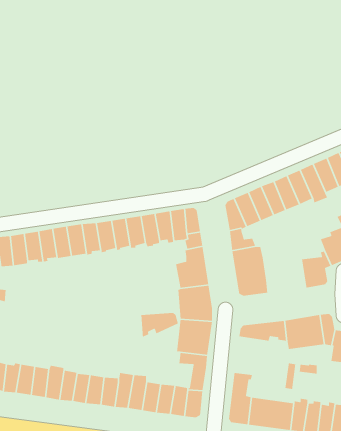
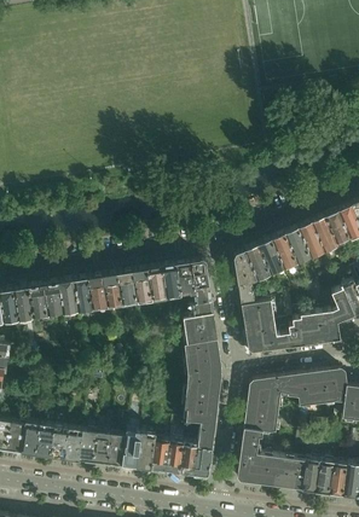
building: none -> [277,314,317,349]
building: [140,312,179,338] -> none
building: none -> [243,394,279,434]

